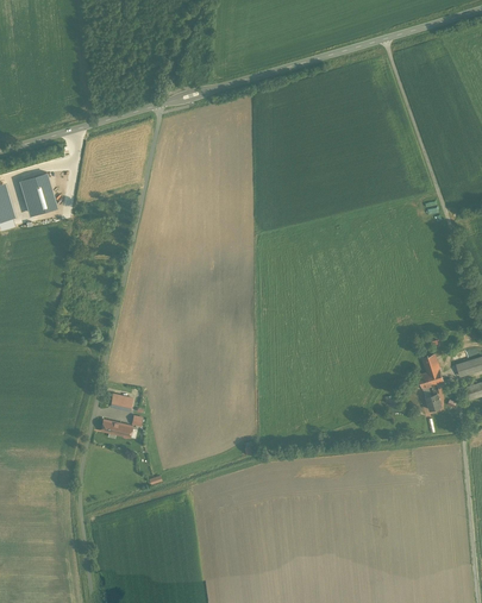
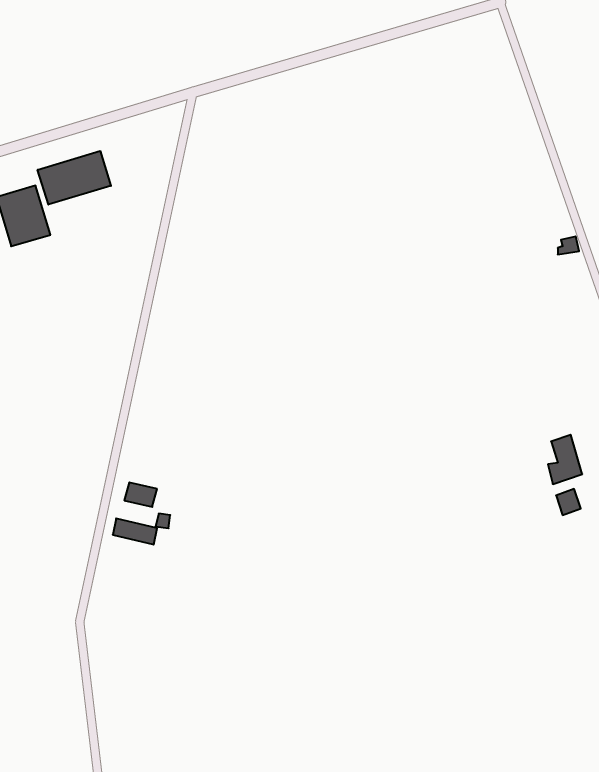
building: none -> [38,151,111,205]

